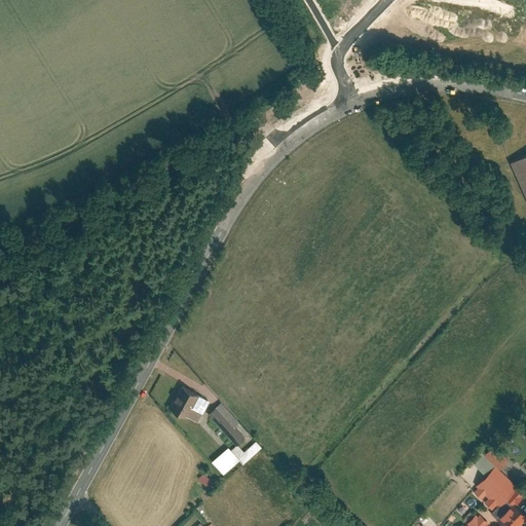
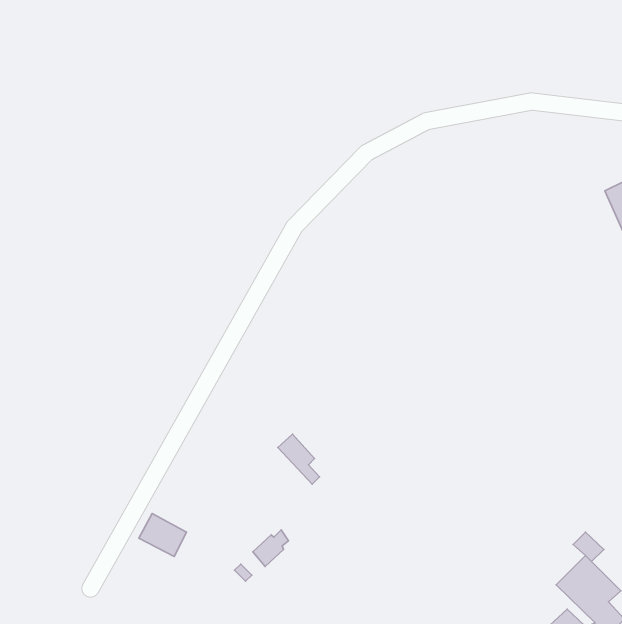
building: [168,387,209,423] -> [139,514,186,556]
building: [210,404,245,446] -> [278,434,319,484]

